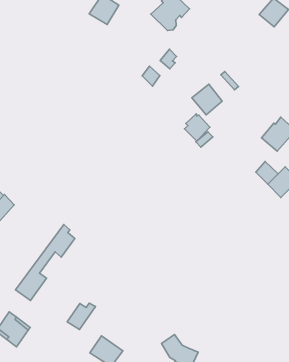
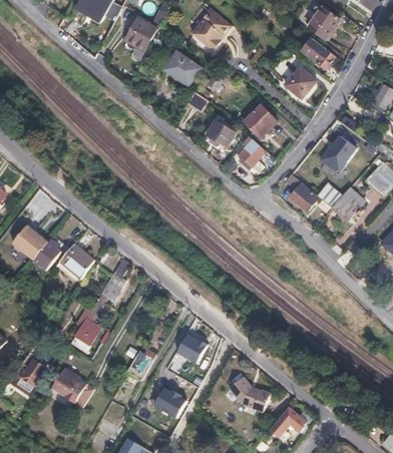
building: none -> [302,38,335,69]
building: none -> [164,52,199,83]
building: none -> [283,65,315,99]
building: none -> [205,119,234,146]
building: none -> [286,174,318,210]
building: none -> [59,244,94,280]
building: none -> [177,333,207,361]

